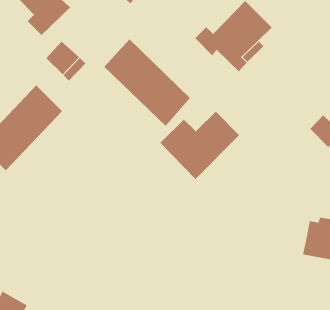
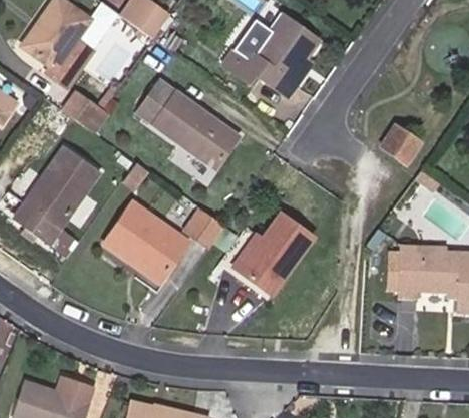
building: [160,111,240,180] -> [222,216,311,296]
building: none -> [104,203,188,283]
building: none -> [185,208,224,247]

